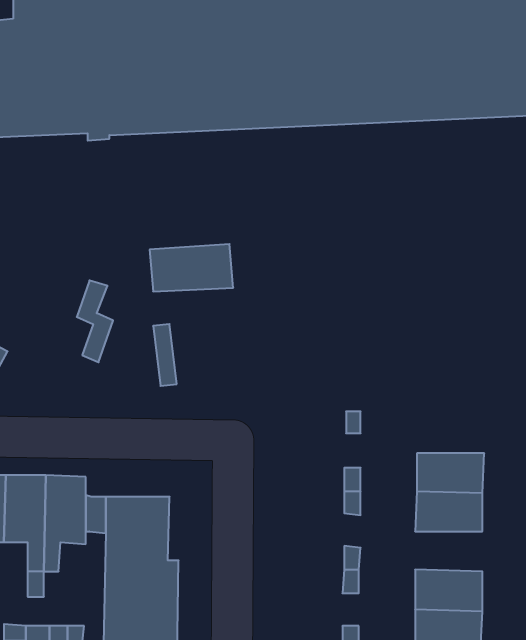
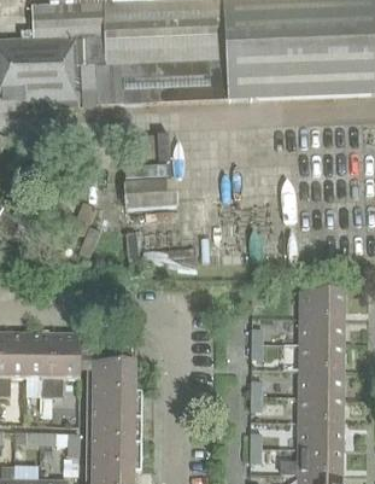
building: none -> [299,290,344,317]
building: none -> [298,369,342,396]

